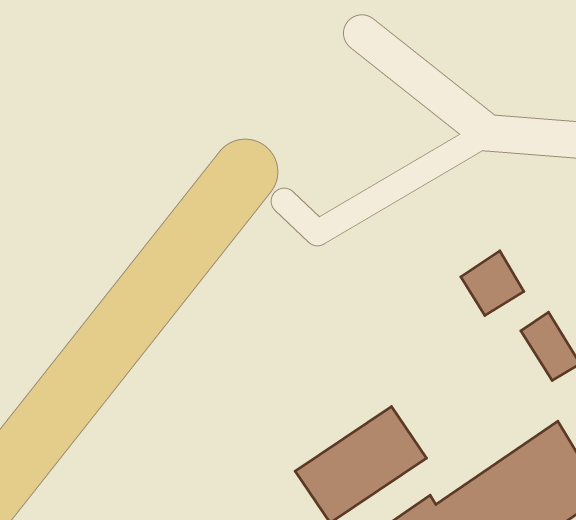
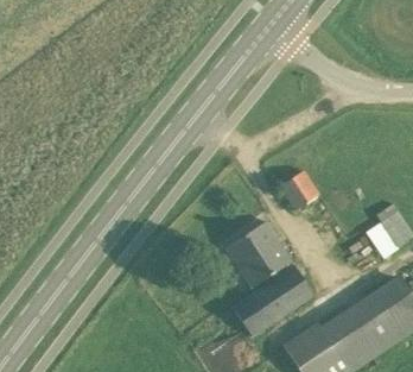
building: [461,251,524,316] -> [279,170,319,212]
building: none -> [227,220,294,288]

